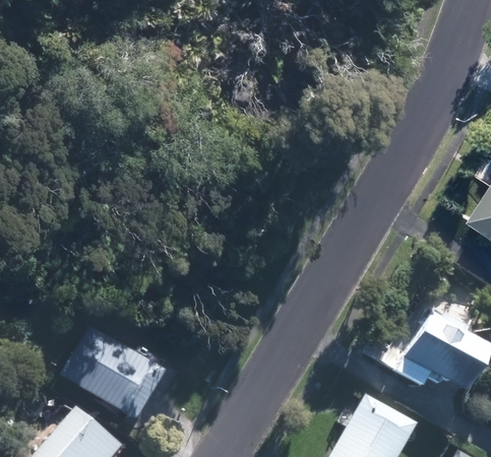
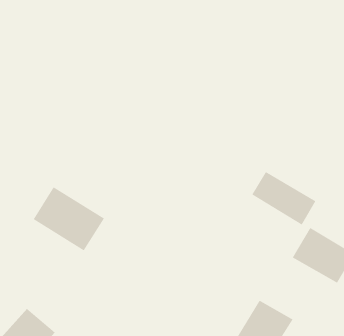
building: none -> [252,171,316,225]
building: [67,333,157,413] -> [33,186,105,251]

